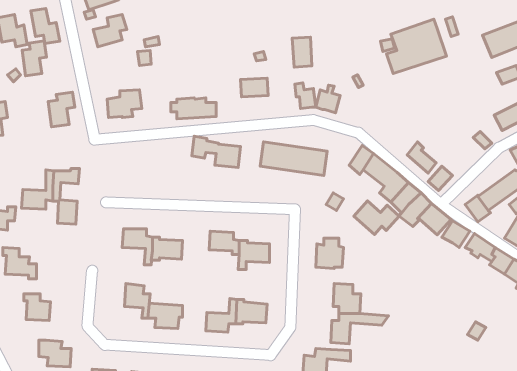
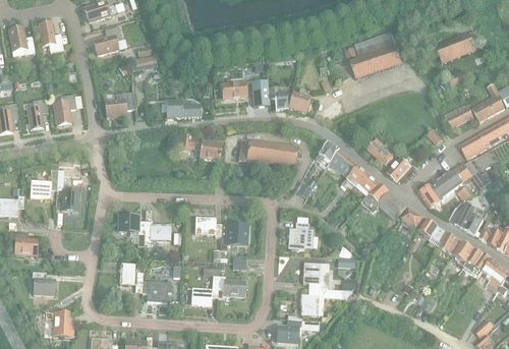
building: [292,37,312,67] -> [251,79,269,106]
building: [22,41,46,76] -> [26,98,48,128]
building: [354,201,399,234] -> none

